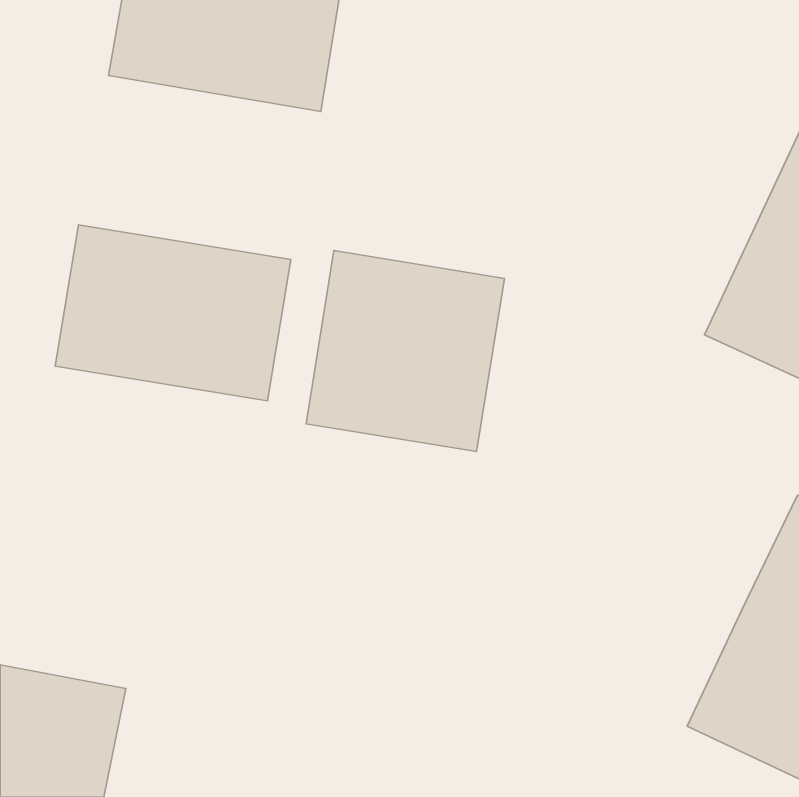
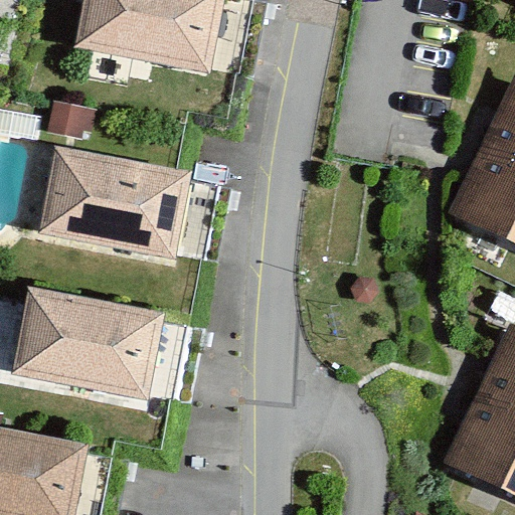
building: [306,251,504,452] -> none
building: none -> [11,288,161,401]

